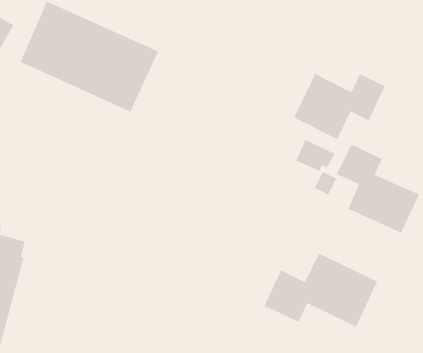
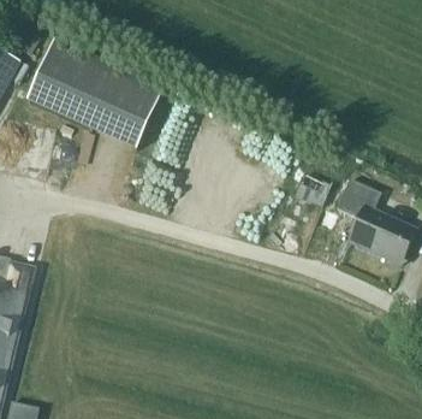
building: [293,73,386,140] -> none
building: [264,252,378,328] -> none

